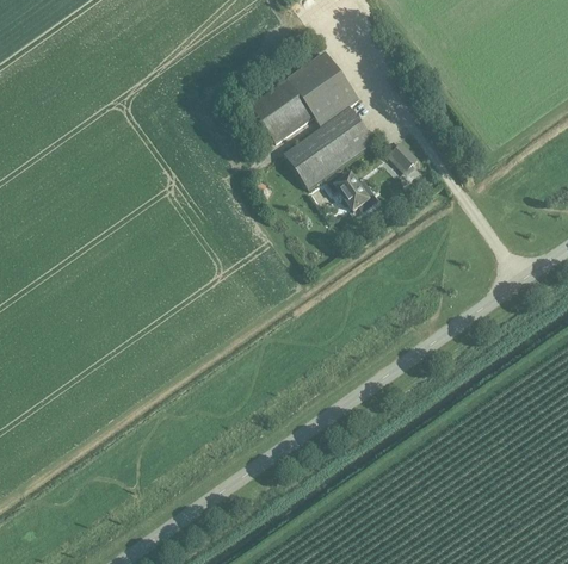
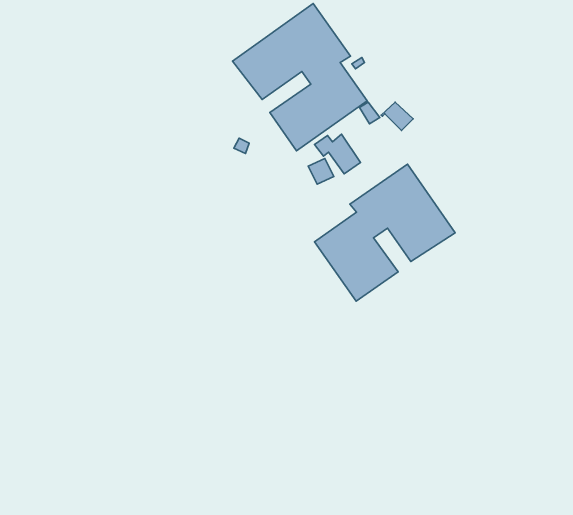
building: none -> [315,164,455,301]

